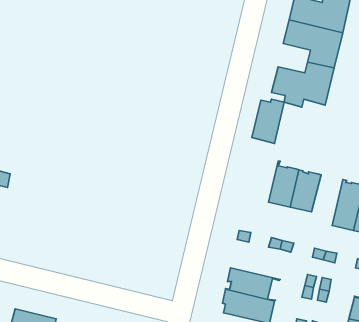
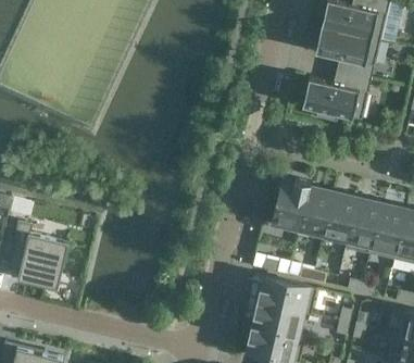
building: [252,99,284,143] -> [274,179,310,228]
building: none -> [347,198,381,254]
building: none -> [7,221,68,289]
building: none -> [256,277,317,314]

